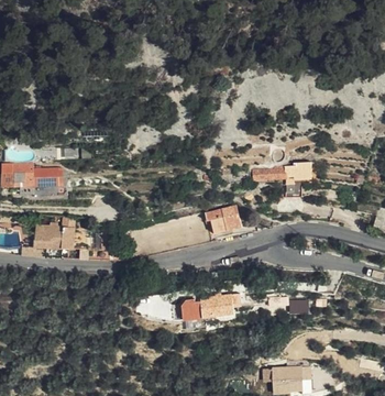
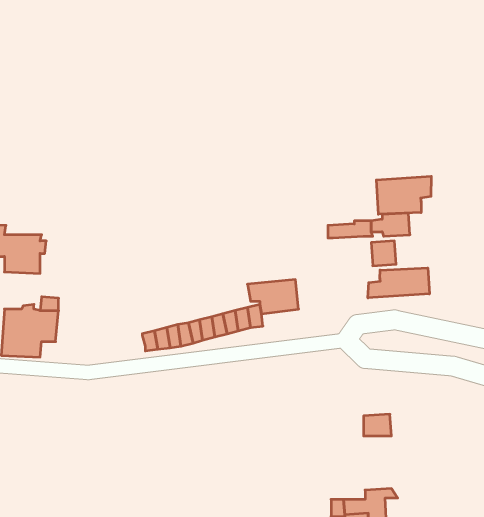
building: none -> [376,176,431,214]
building: none -> [368,268,429,298]
building: [180,289,241,318] -> none

